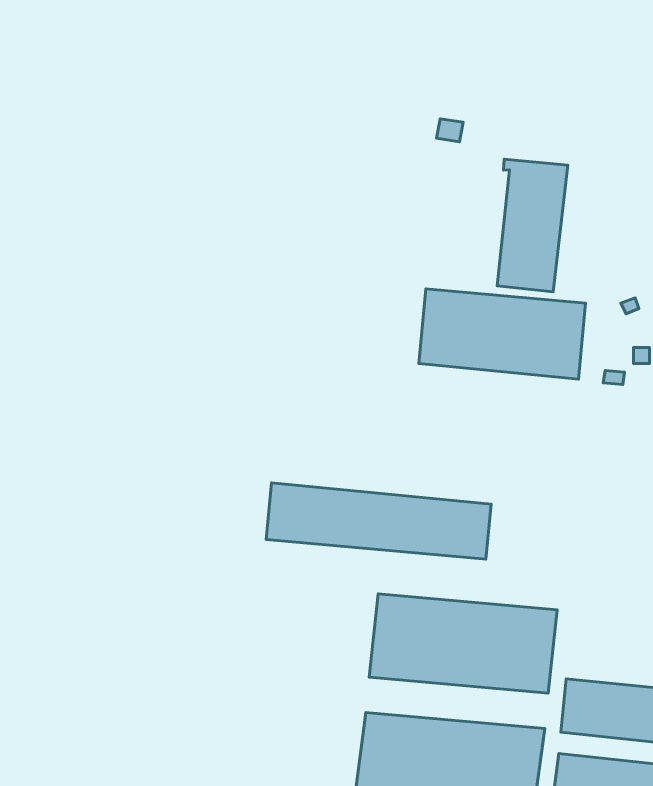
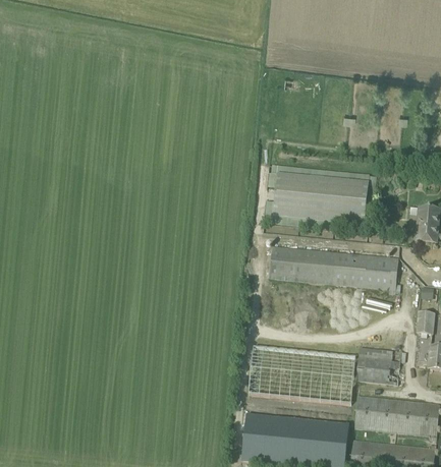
building: [497,159,568,292] -> none
building: [266,483,491,559] -> [270,244,399,288]
building: none -> [357,346,402,383]

